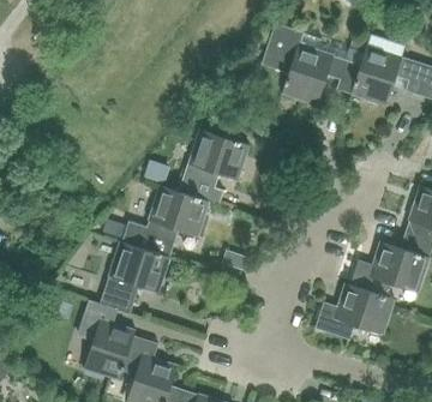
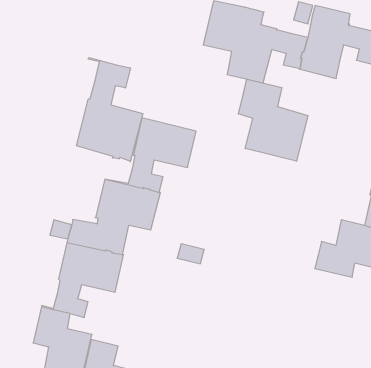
building: none -> [76,58,143,162]
building: none -> [238,79,308,161]
building: [314,283,395,338] -> none

